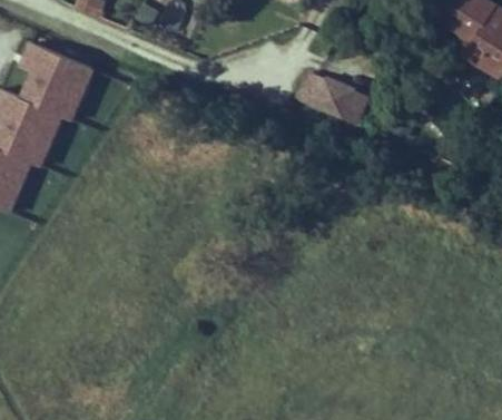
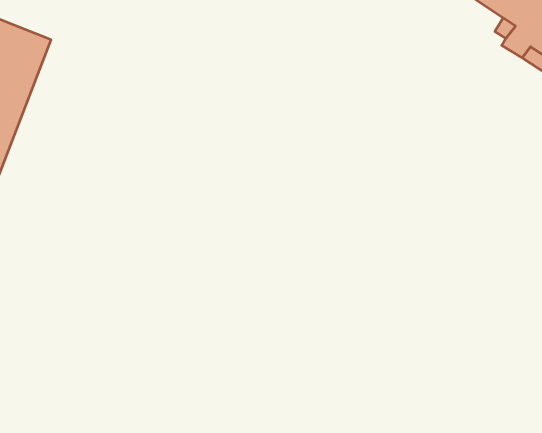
building: [297,72,370,126] -> none

